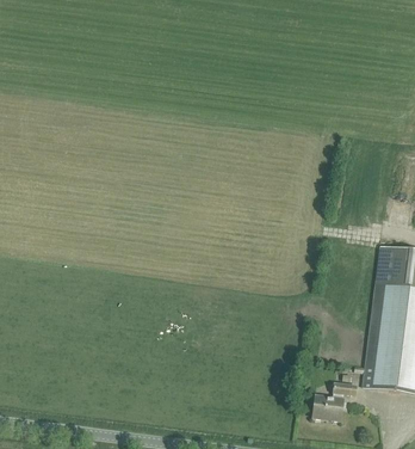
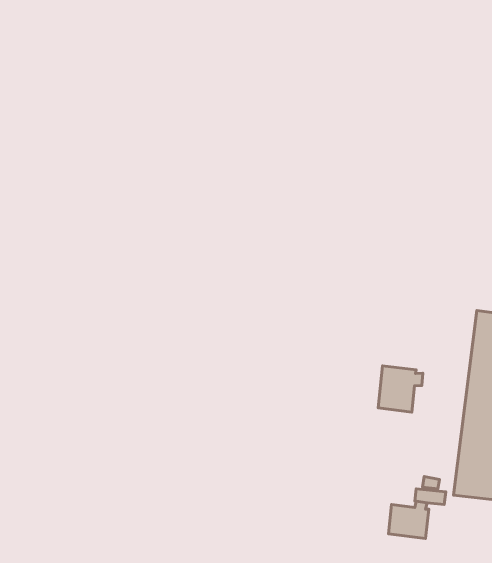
building: none -> [378,366,423,412]

